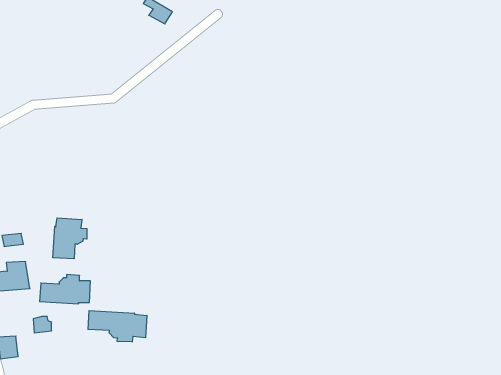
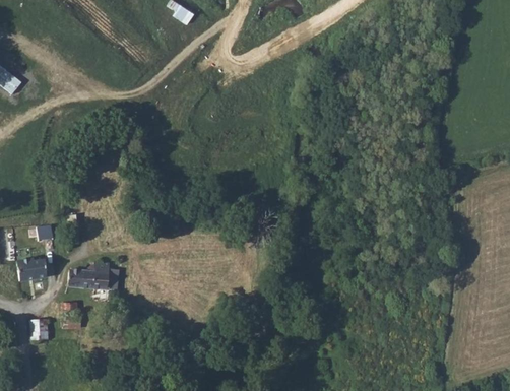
building: [53,218,87,259] -> none
building: [88,311,147,342] -> none

